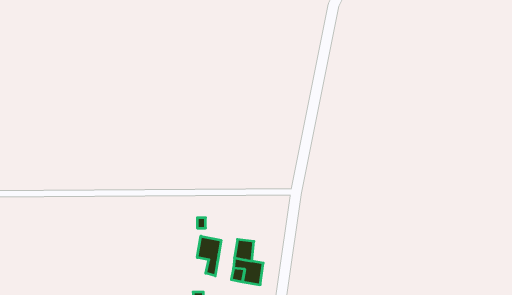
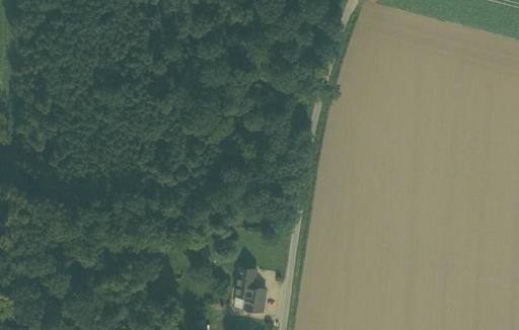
building: [197,236,221,276] -> none

